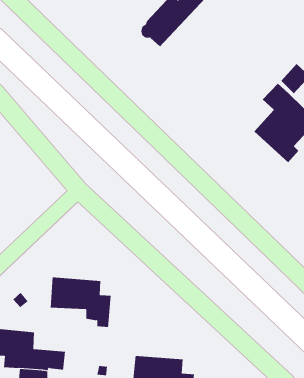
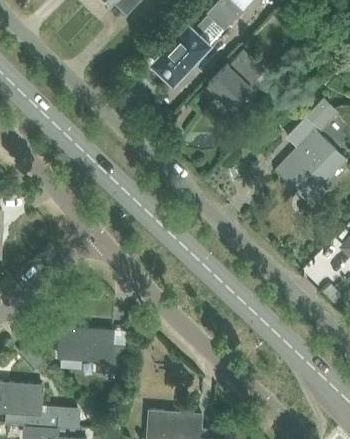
building: none -> [204,51,264,115]

